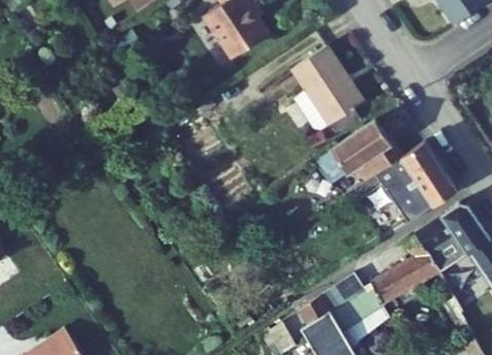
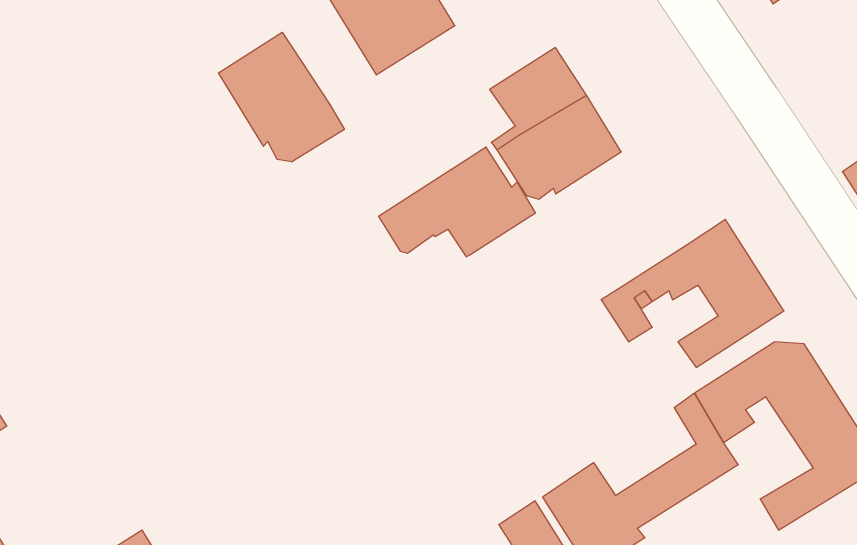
building: none -> [218,32,344,162]
building: [303,120,392,182] -> [378,147,536,257]

